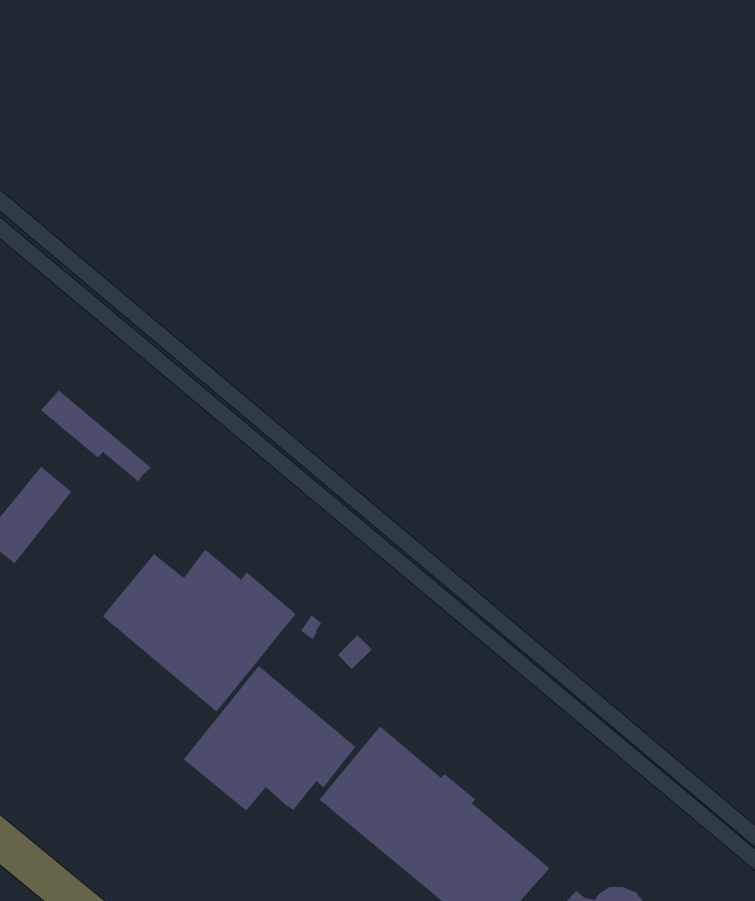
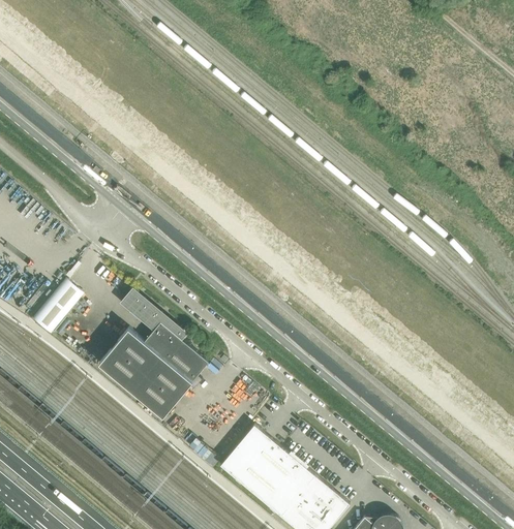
building: [40,390,151,482] -> [122,292,184,344]
building: [183,665,356,812] -> none

